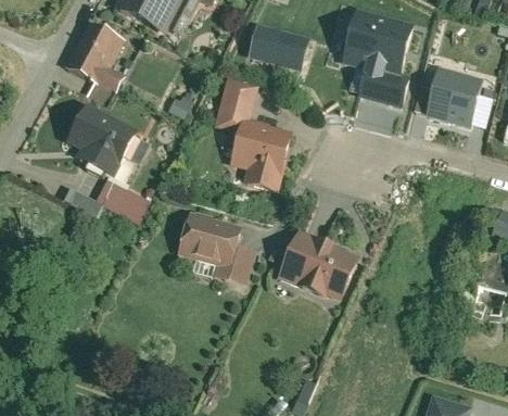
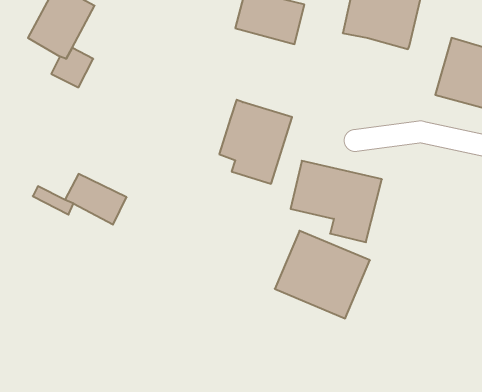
building: [356,63,409,104] -> none
building: [215,77,263,134] -> none
building: [73,105,144,181] -> none
building: [181,216,262,288] -> [291,161,382,242]

